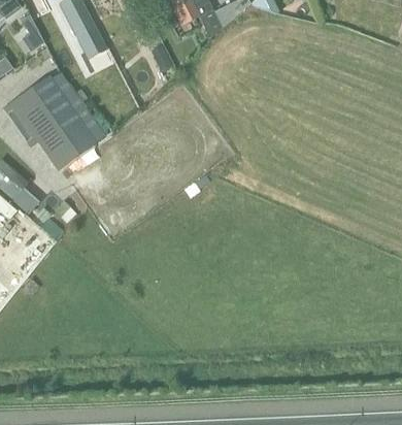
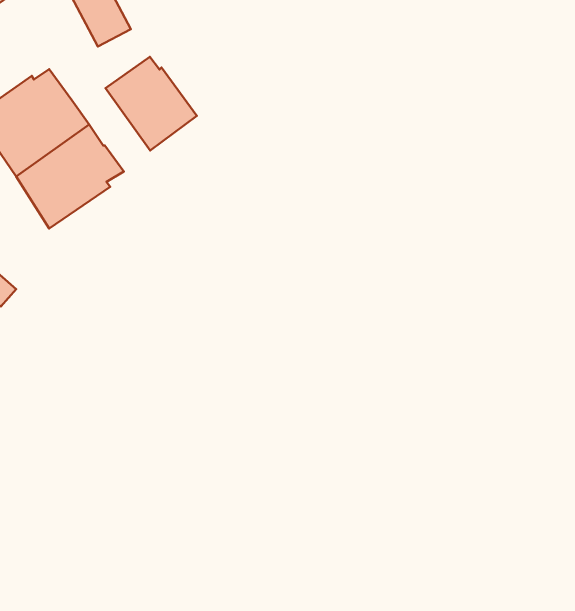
building: none -> [105,57,197,151]

